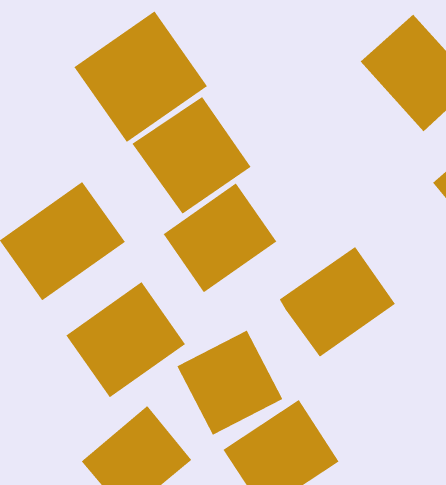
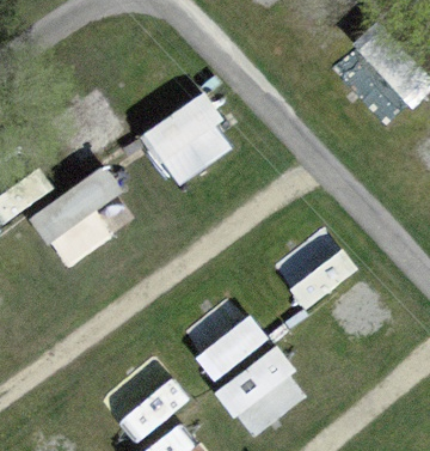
building: [73,10,208,143] -> none
building: [163,183,277,293] -> none
building: [66,281,186,398] -> none

